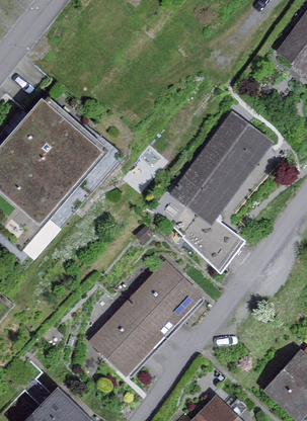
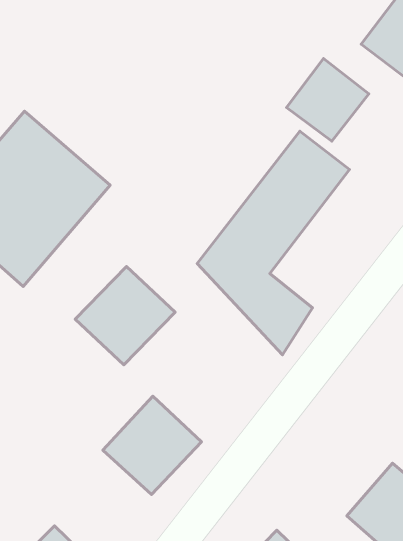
building: none -> [286,59,369,141]
building: [129,265,200,335] -> [75,266,175,365]

